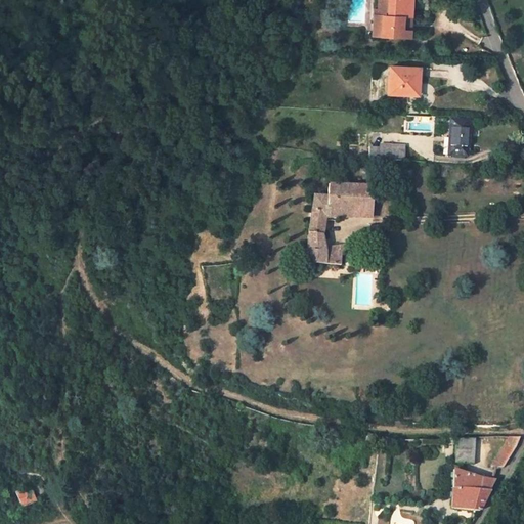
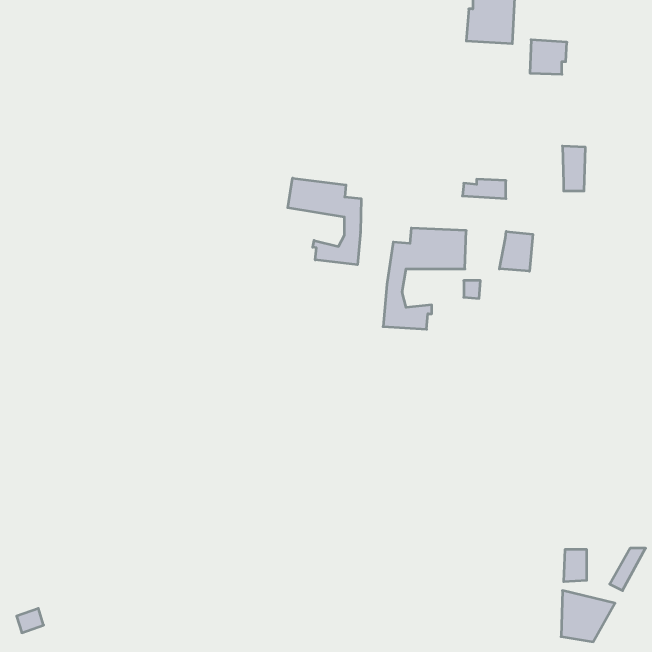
building: [391,64,421,92] -> [530,40,567,74]
building: none -> [288,178,361,265]
building: none -> [499,231,533,271]

